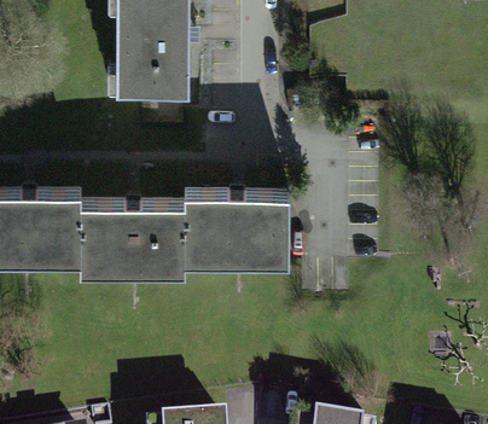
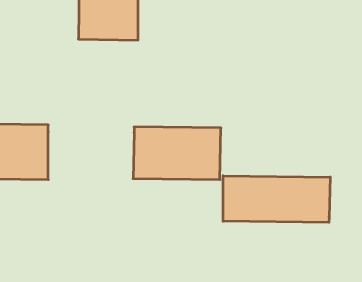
building: [76,203,184,274] -> none
building: none -> [223,176,330,222]

